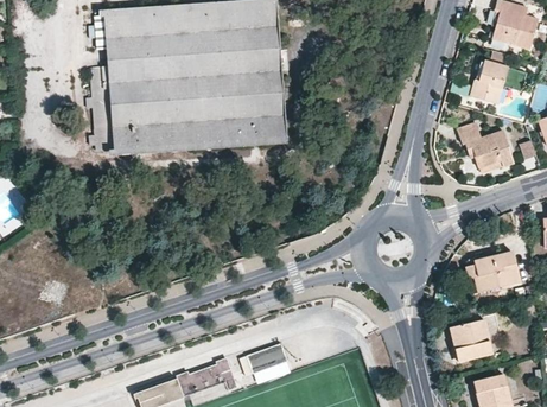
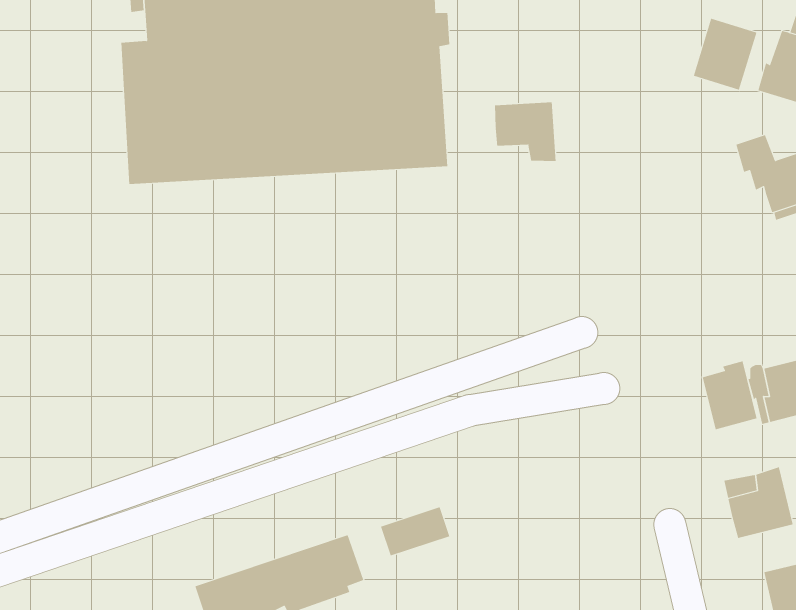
building: none -> [693,18,757,91]
building: none -> [494,102,556,162]
building: none -> [702,360,757,430]

